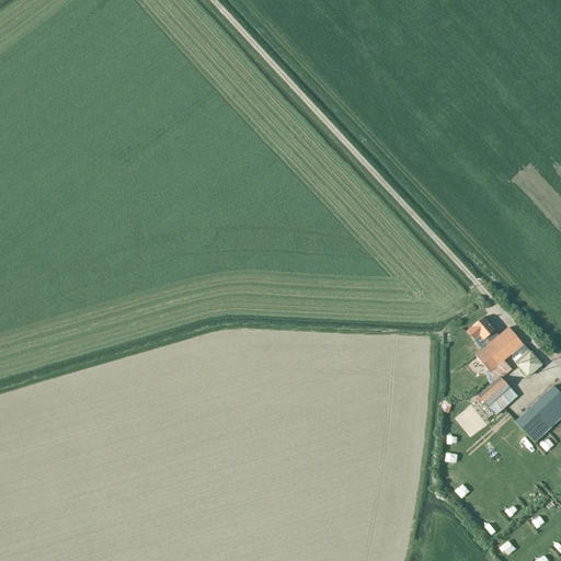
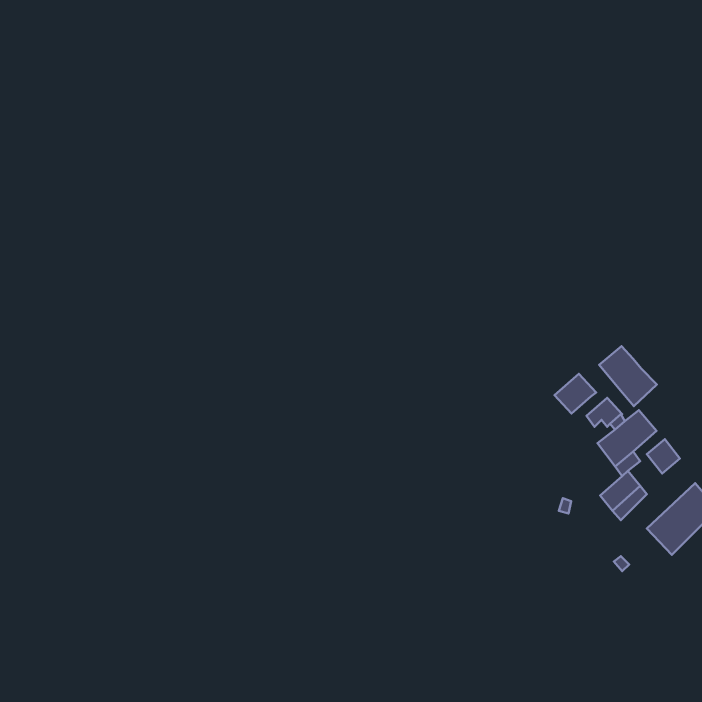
building: none -> [599,346,657,406]
building: none -> [555,374,596,414]

